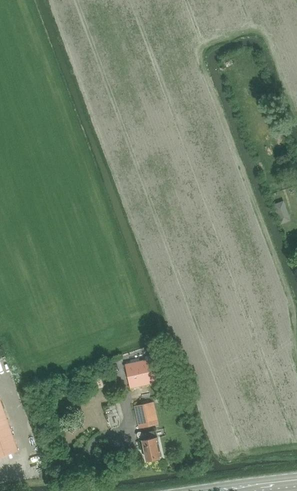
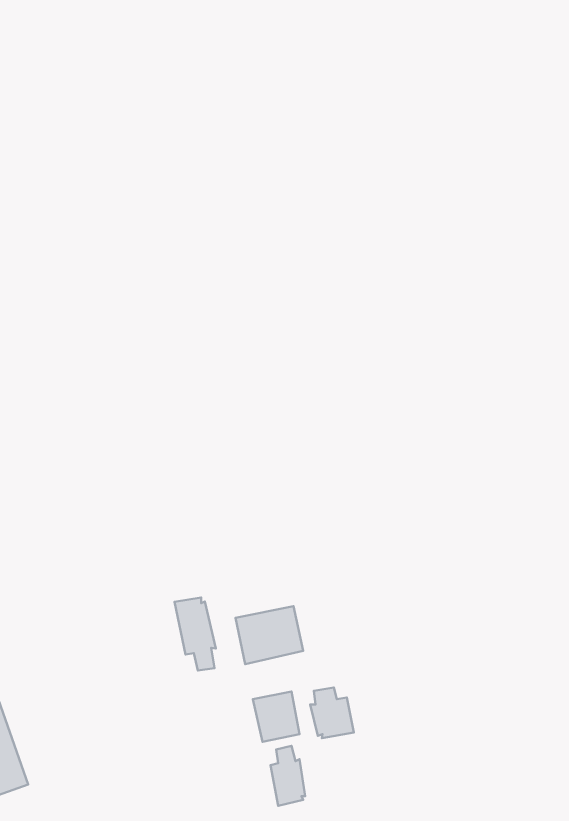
building: none -> [174,598,216,671]
building: none -> [310,688,354,738]

